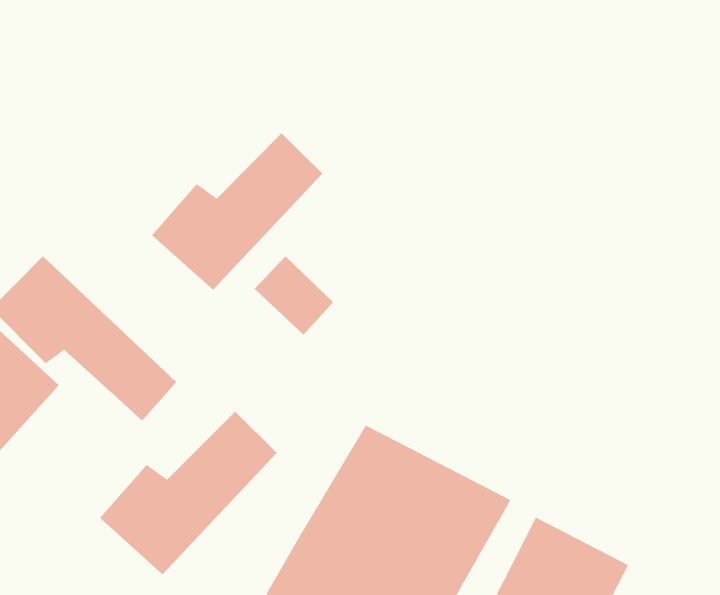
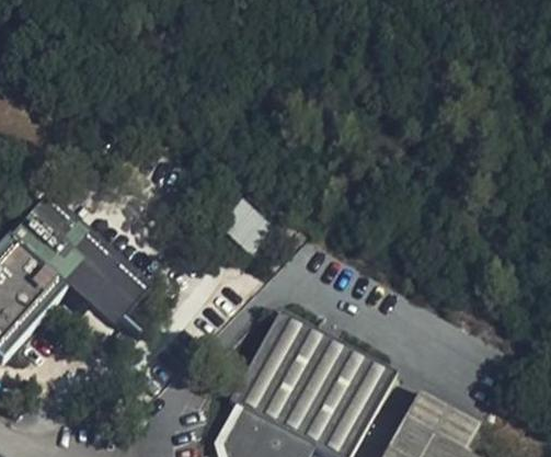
building: [151,133,323,291] -> none
building: [99,411,278,575] -> none

